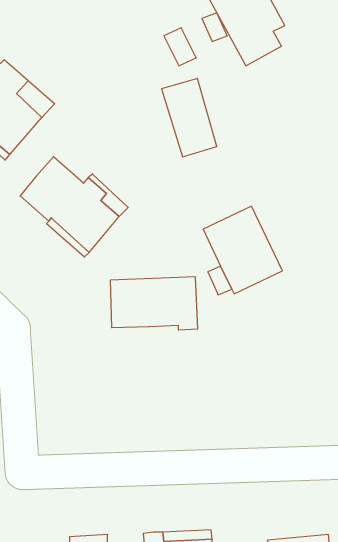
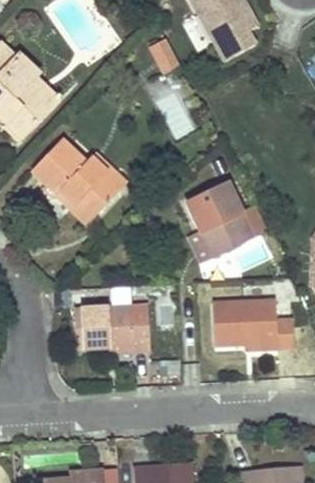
building: [110,277,198,330] -> [75,307,151,353]
building: none -> [213,301,292,349]

